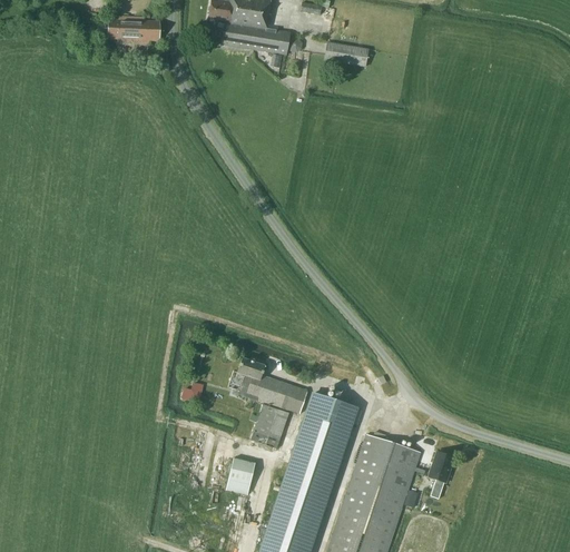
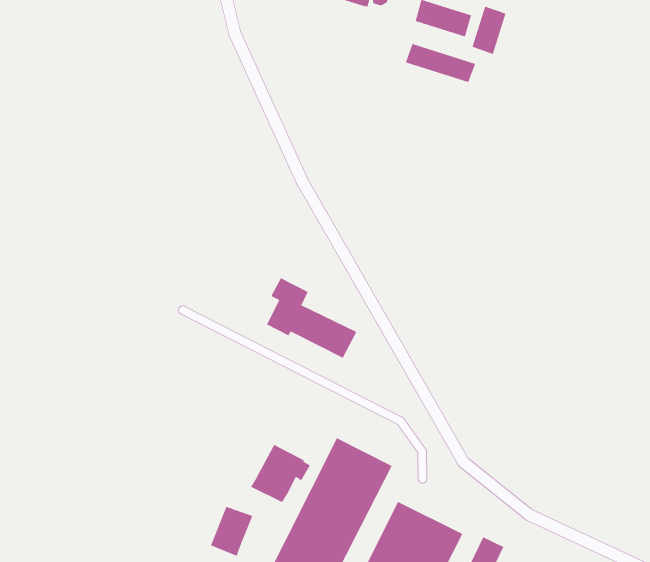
building: none -> [472,6,506,55]
building: none -> [405,43,476,83]
building: [237,357,308,413] -> [266,278,357,359]

